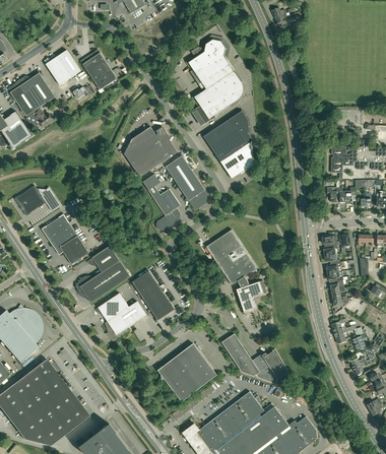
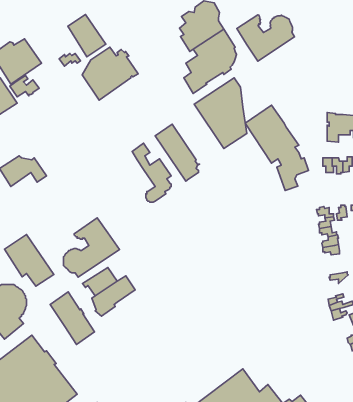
building: [46,50,81,85] -> none
building: none -> [237,15,294,61]
building: [124,127,178,178] -> [82,47,138,100]
building: [42,214,89,264] -> [4,235,54,286]
building: [206,230,267,312] -> [245,105,308,191]
building: [132,270,175,321] -> [50,292,94,345]
building: [221,334,291,388] -> none
building: [157,343,217,401] -> none

